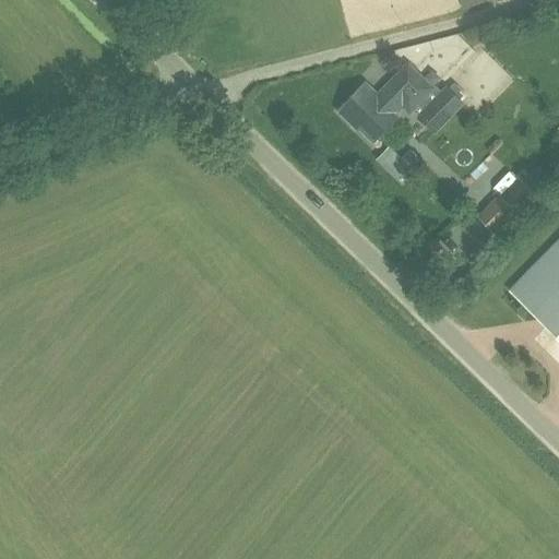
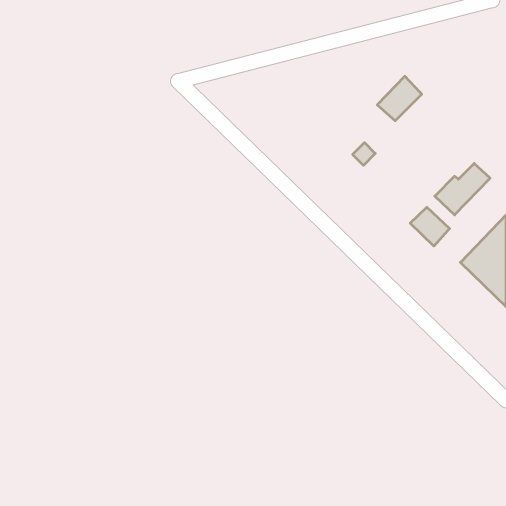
building: [340,63,435,141] -> none
building: none -> [410,207,450,246]

